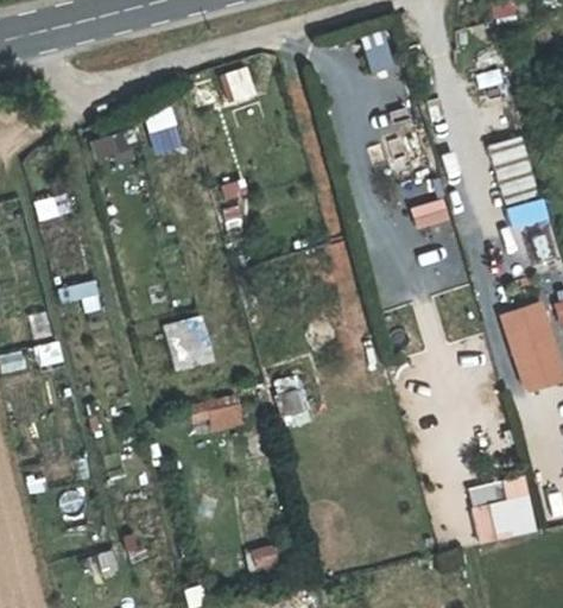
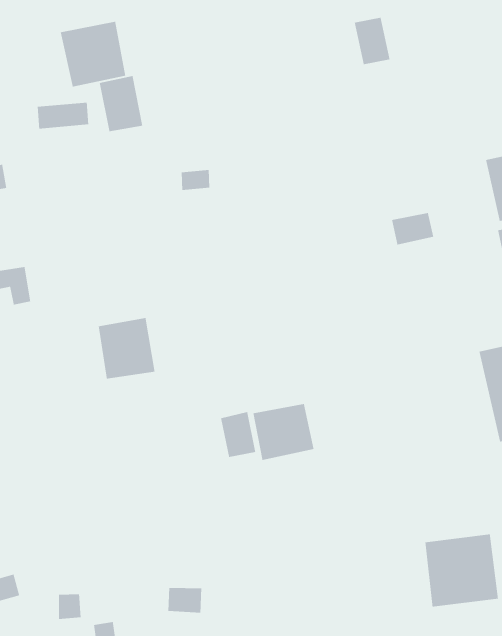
building: none -> [60,21,126,88]
building: none -> [253,403,315,461]
building: [191,400,243,432] -> none

